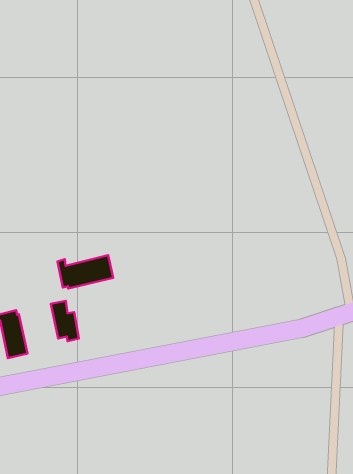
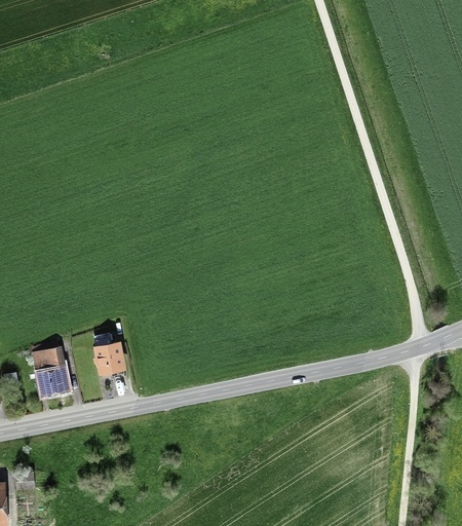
building: [57,255,113,289] -> none

